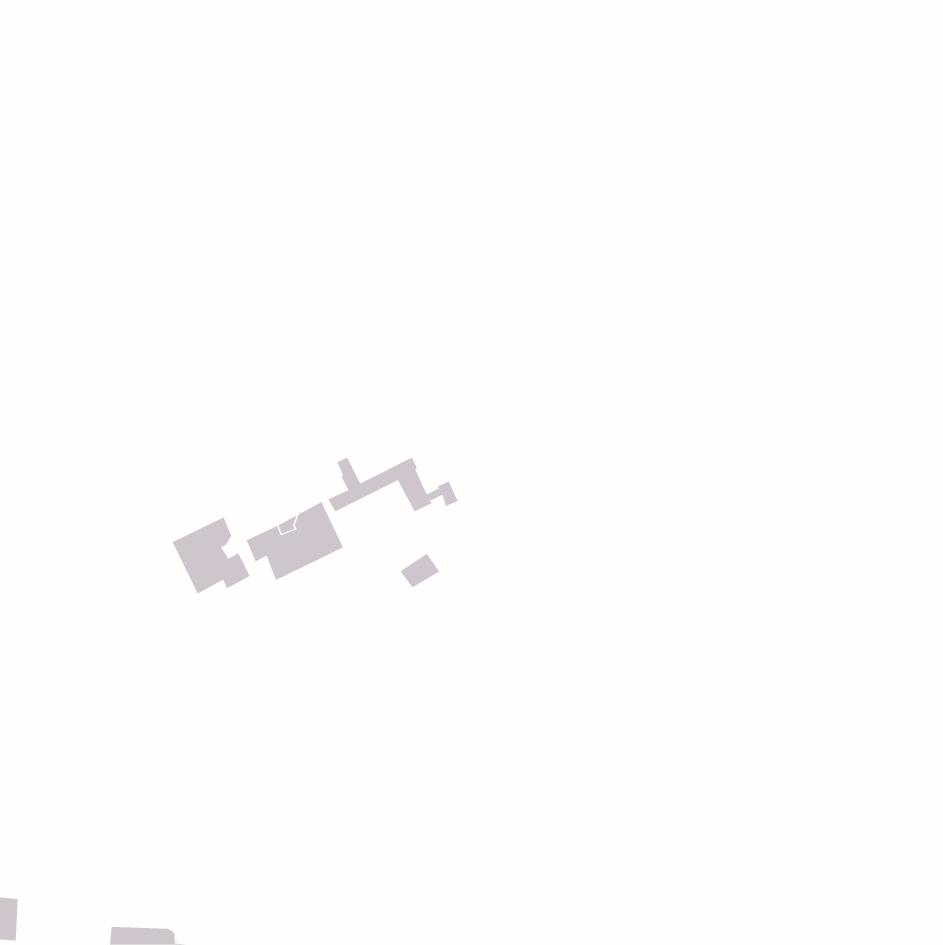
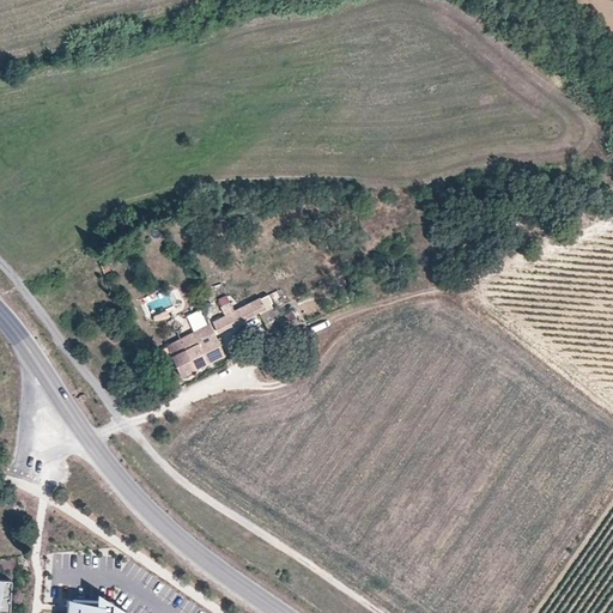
building: [172,516,251,595] -> none

